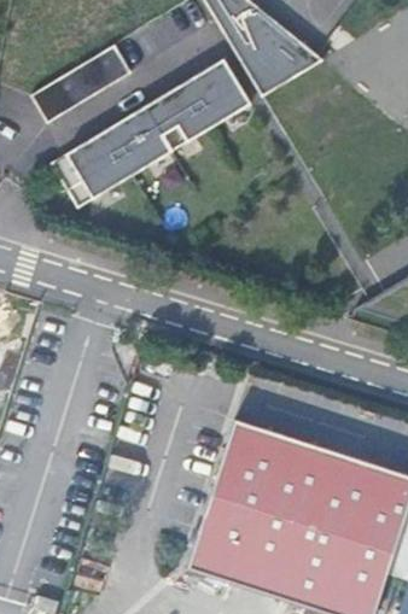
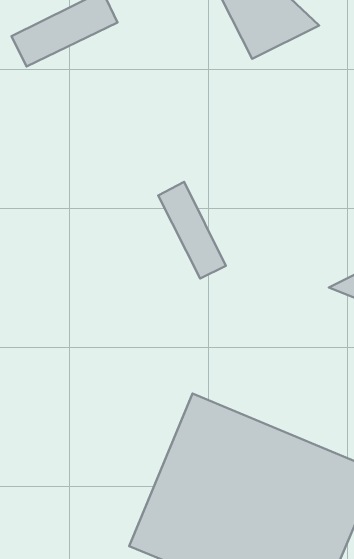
building: [56,53,257,203] -> none
building: none -> [158,182,226,278]

